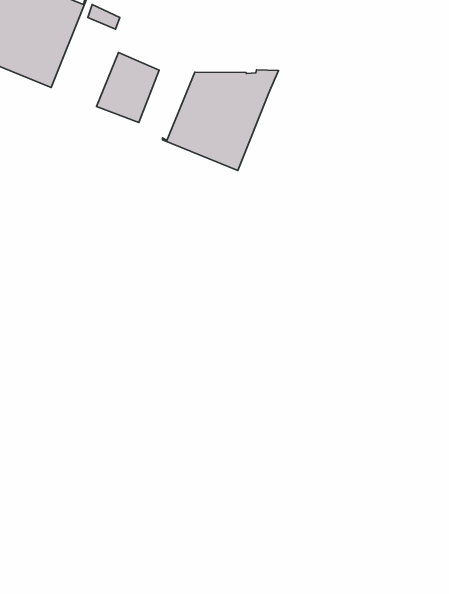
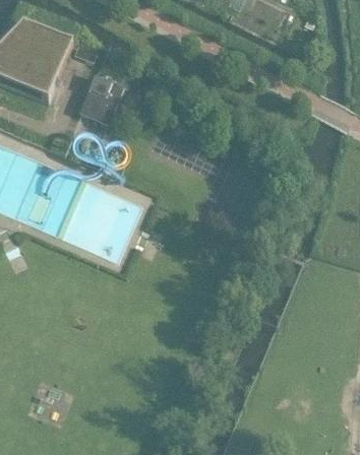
building: [162,70,278,171] -> none

